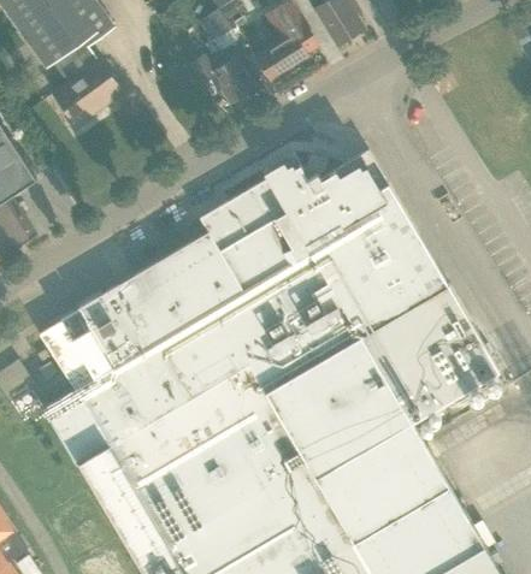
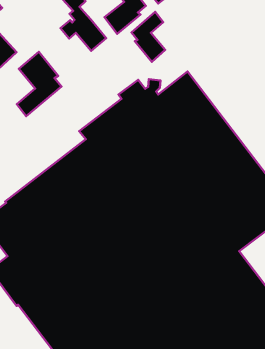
building: none -> [131,12,165,62]
building: none -> [17,52,61,116]

